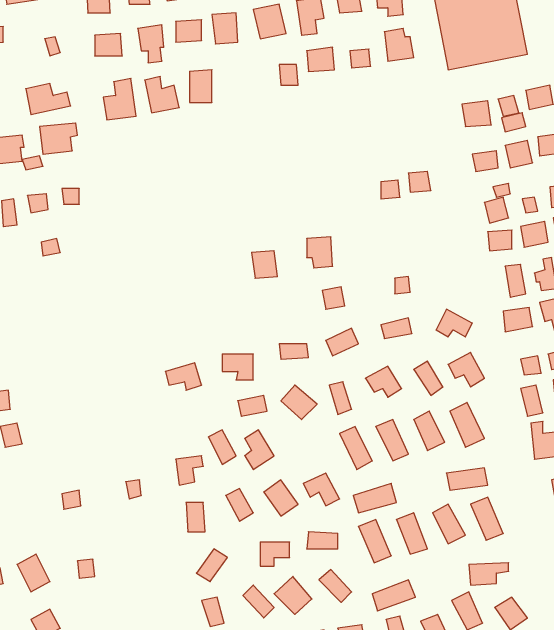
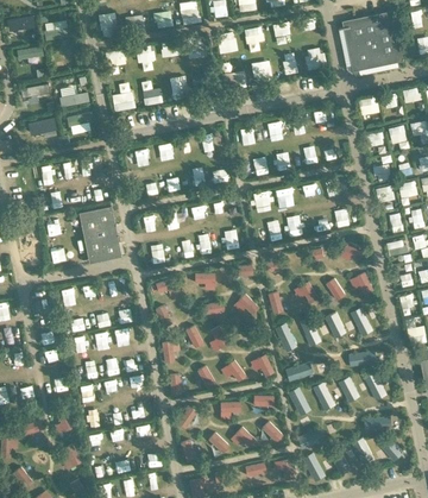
building: none -> [77,206,120,264]

